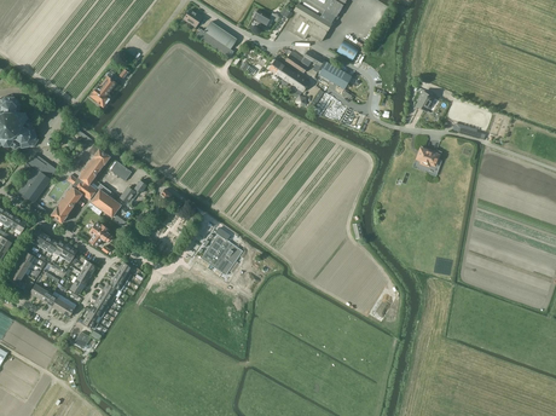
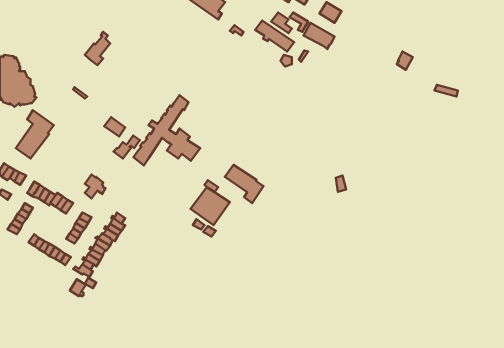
building: [412,146,442,177] -> none
building: [52,149,122,223] -> [133,95,200,165]
building: none -> [225,165,263,203]

